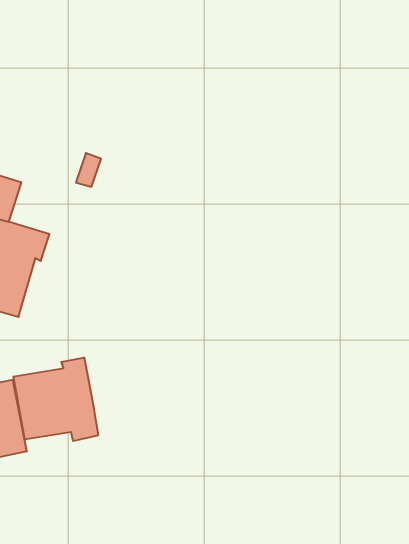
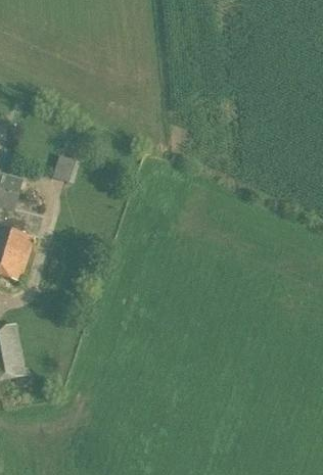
building: [14,357,98,441] -> none

